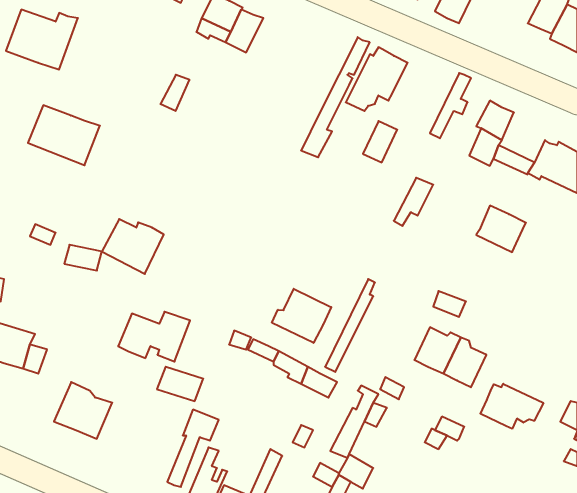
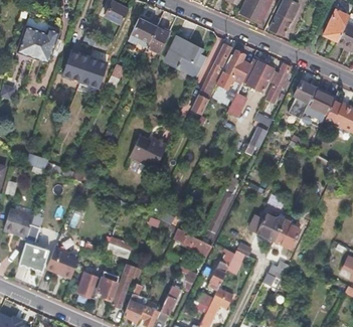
building: none -> [166,34,205,74]
building: none -> [237,60,278,93]
building: [28,105,100,165] -> [61,51,104,87]
building: [476,206,526,252] -> [306,90,335,117]
building: [102,219,164,274] -> [130,136,166,168]
building: [272,289,331,343] -> none
building: [118,312,190,362] -> [77,271,120,300]
building: none -> [19,242,47,271]
building: [480,384,543,429] -> none

